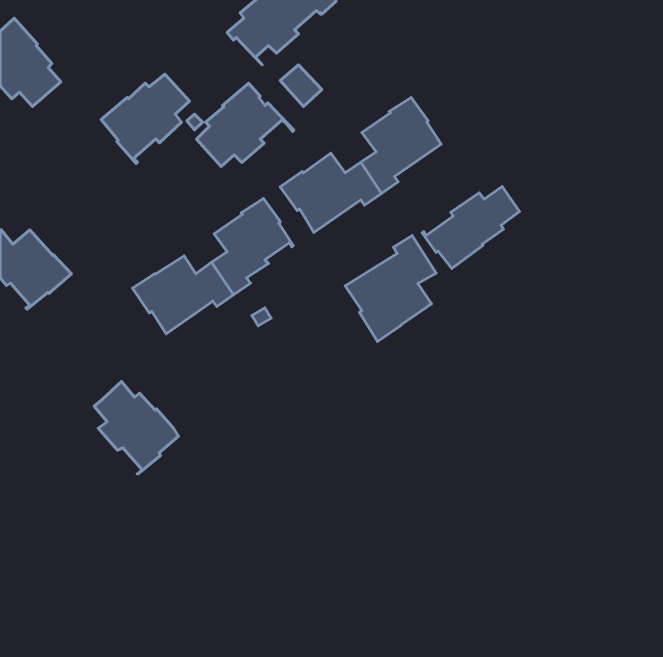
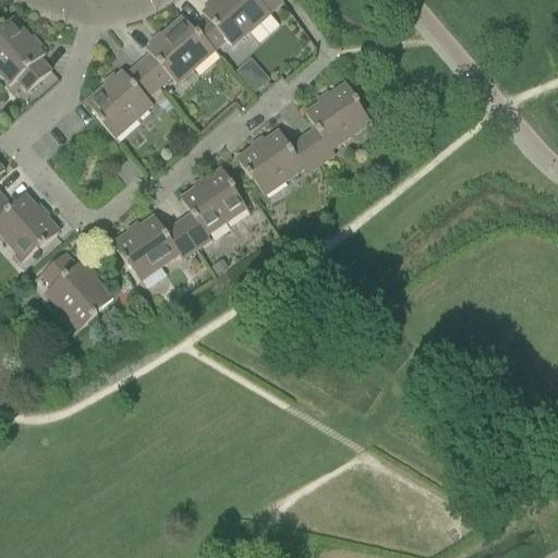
building: [197,83,294,166] -> [138,15,220,85]
building: [422,187,519,268] -> none
building: [345,235,436,341] -> none
building: [94,381,179,474] -> [41,252,112,329]

